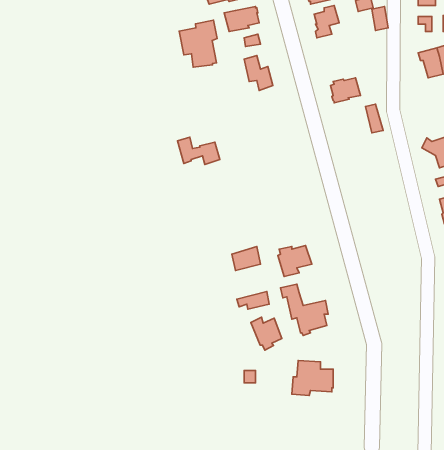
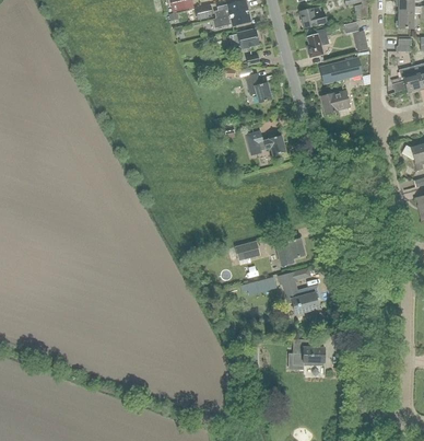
building: [179,20,217,67] -> none
building: none -> [319,57,362,83]
building: [177,137,220,165] -> [248,131,285,155]
building: [251,317,282,350] -> none

